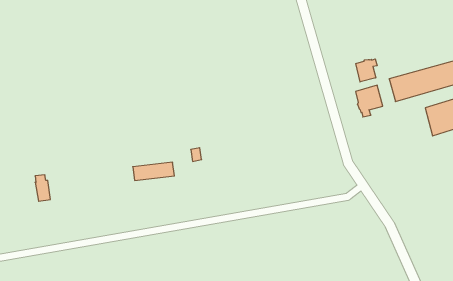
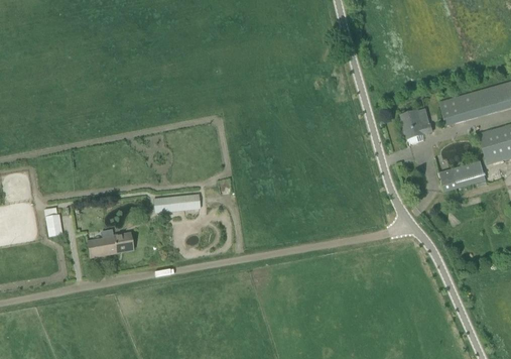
building: [356,59,377,82] -> none
building: none -> [438,160,486,191]
building: none -> [86,233,133,257]

